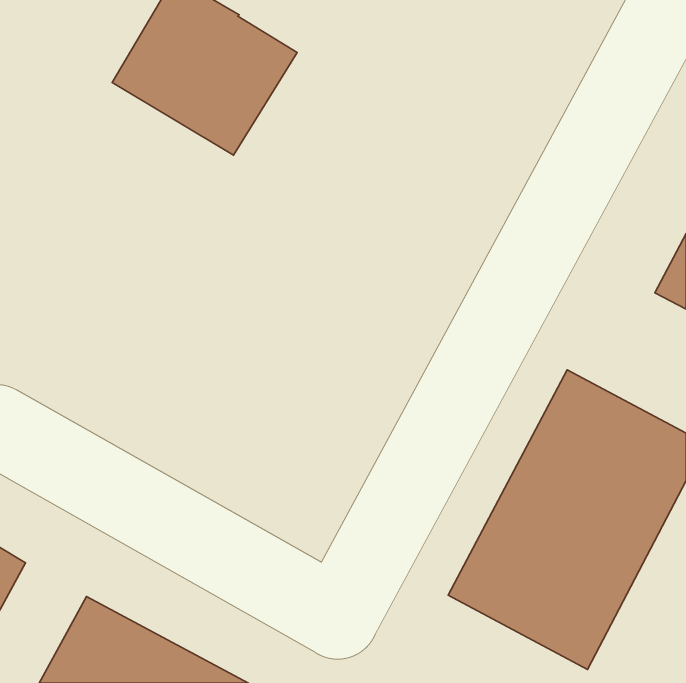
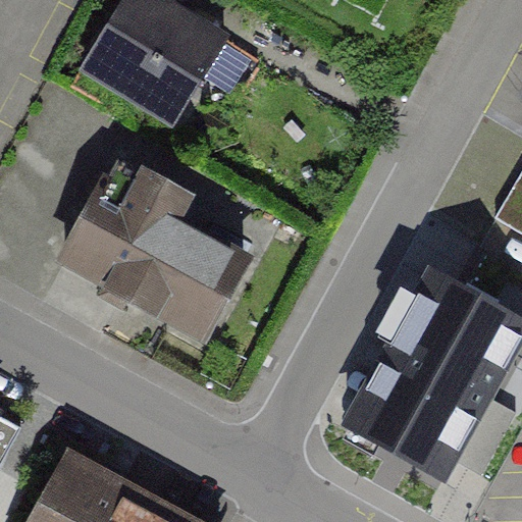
building: none -> [65,161,243,331]

